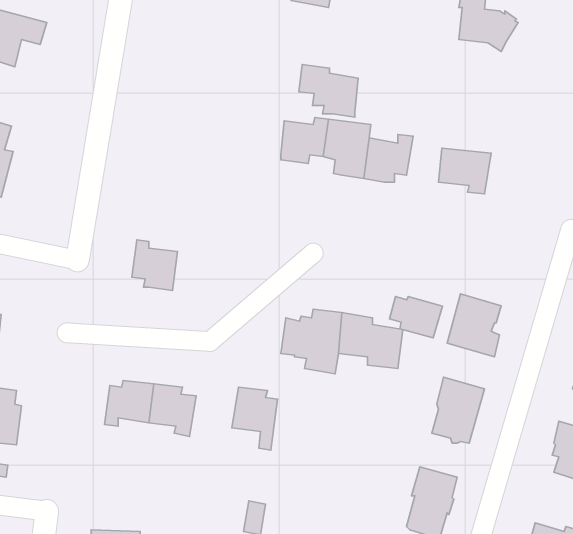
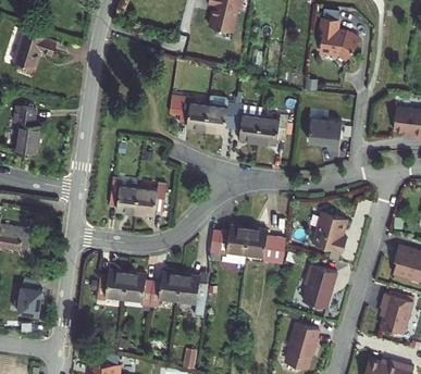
building: [299,65,358,117] -> [171,95,209,128]
building: none -> [137,185,168,214]
building: [390,297,442,338] -> none
building: none -> [148,271,179,307]

